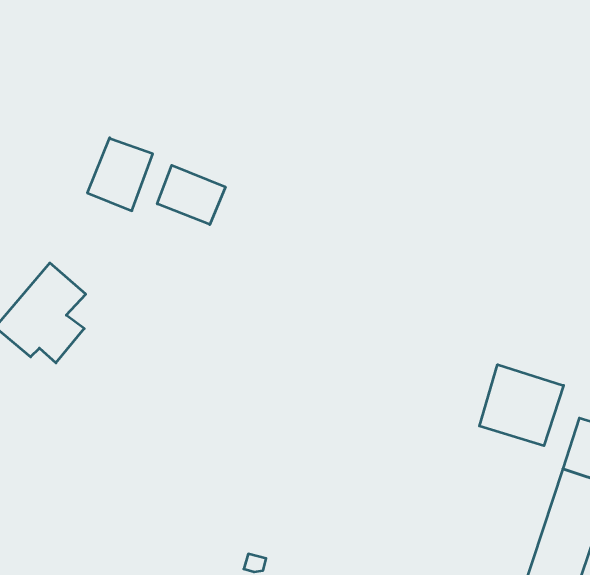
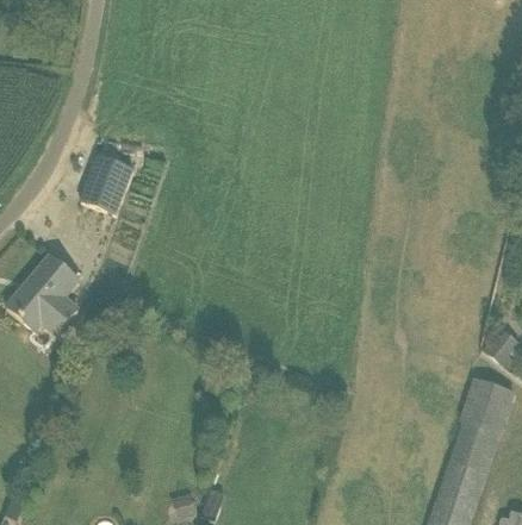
building: [157,165,225,225] -> none
building: [479,365,564,446] -> none

